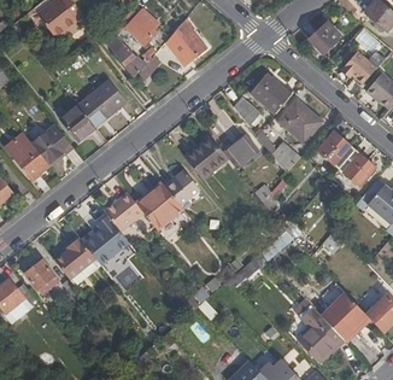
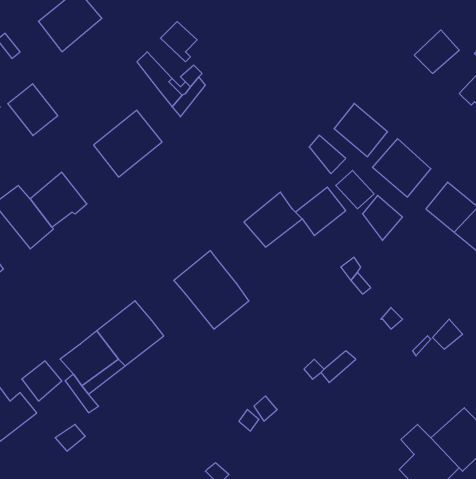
building: [166,19,204,63] -> none
building: [59,105,95,142] -> [8,84,58,136]
building: [165,170,199,205] -> none
building: [102,191,143,232] -> none

